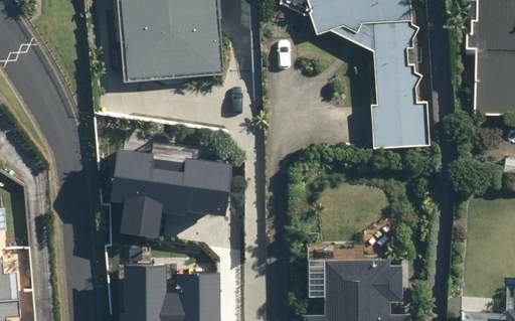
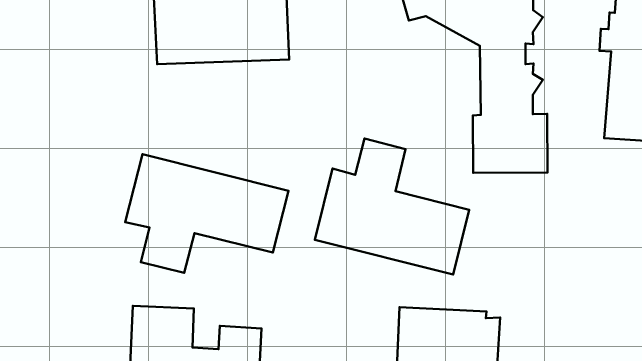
building: none -> [315,138,469,275]

